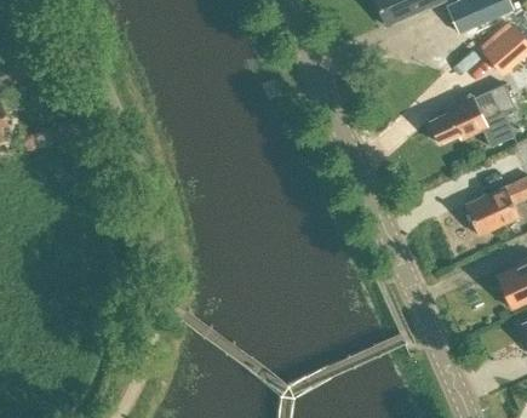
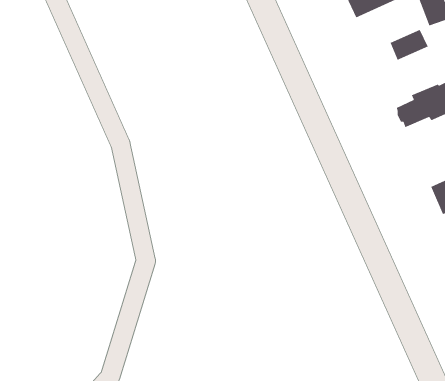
building: none -> [390,29,429,61]

